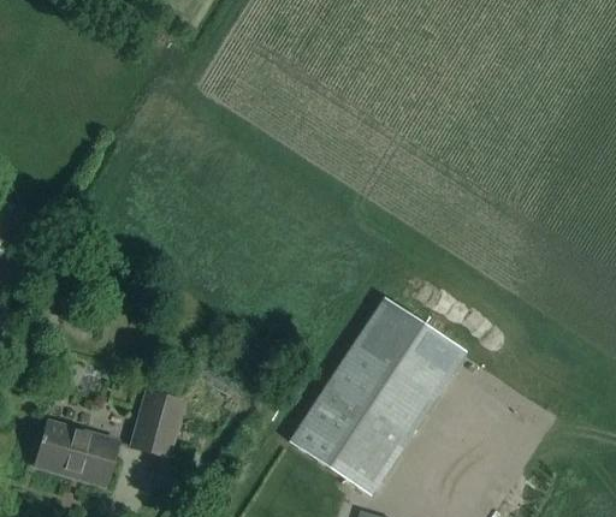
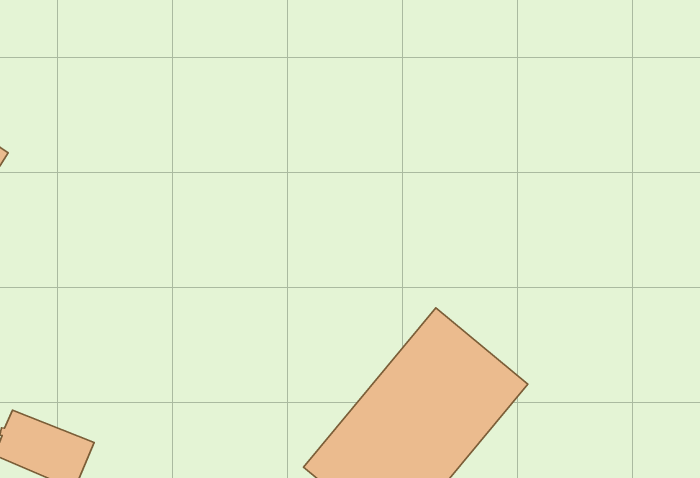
building: [130,390,183,456] -> none

